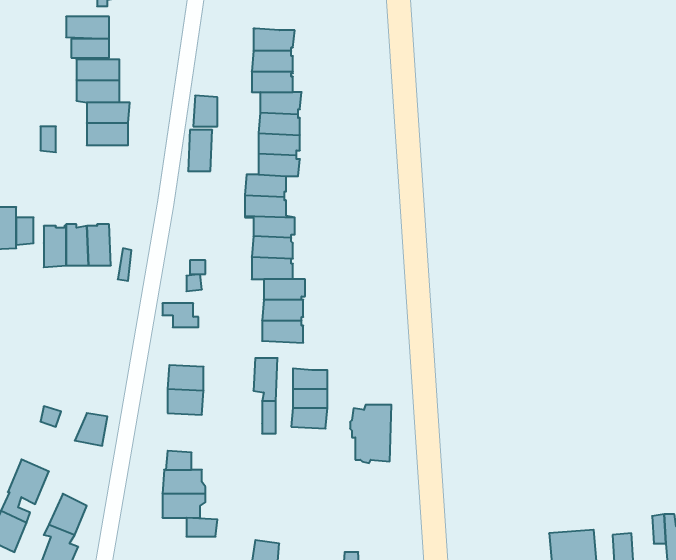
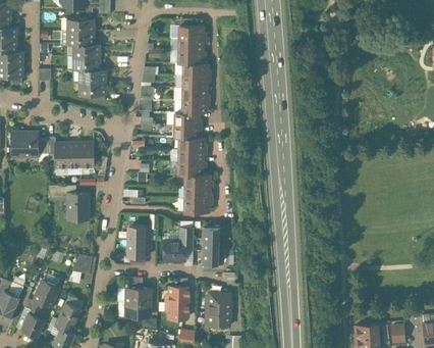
building: none -> [67,192,89,219]
building: none -> [164,241,185,260]
building: [350,405,391,463] -> [206,294,230,329]
building: none -> [165,286,189,320]

